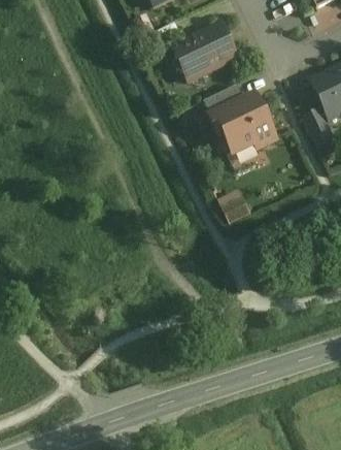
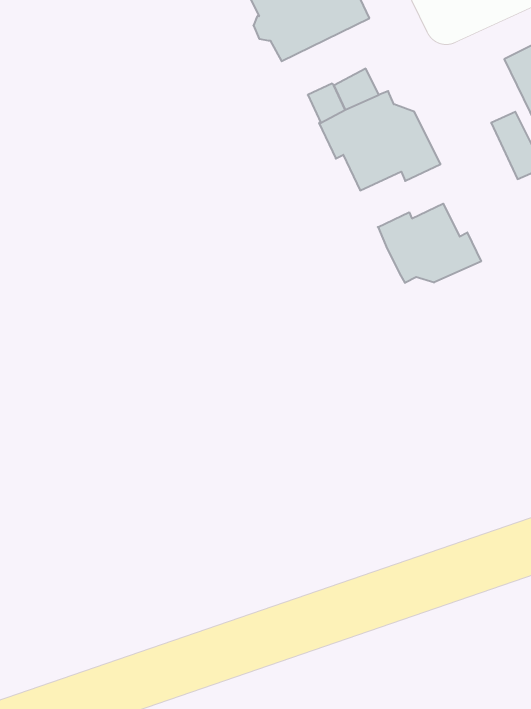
building: none -> [378,204,481,283]

